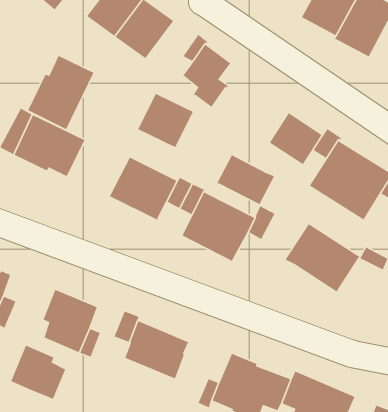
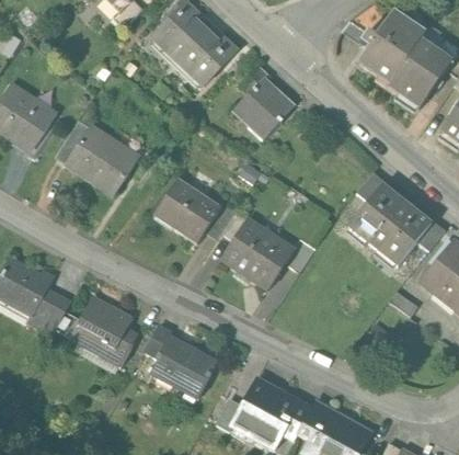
building: [27,55,95,130] -> none
building: [137,93,194,148] -> none
building: [269,112,323,165] -> none
building: [216,154,275,205] -> none
building: [285,223,361,293] -> none
building: [10,345,66,400] -> none

